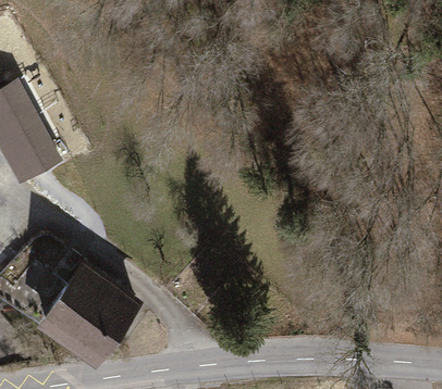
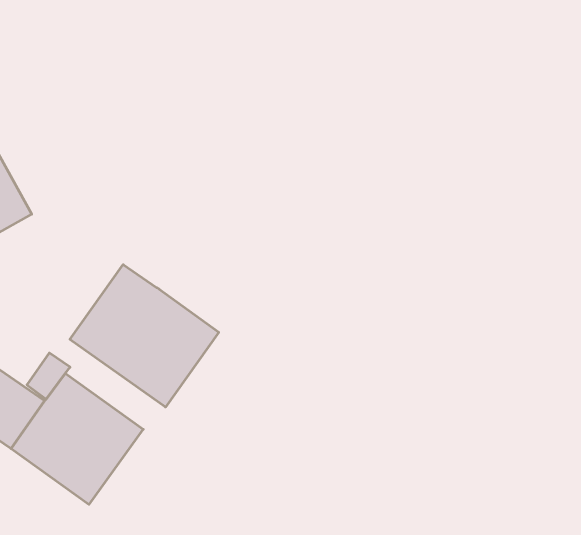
building: none -> [70,265,219,407]

